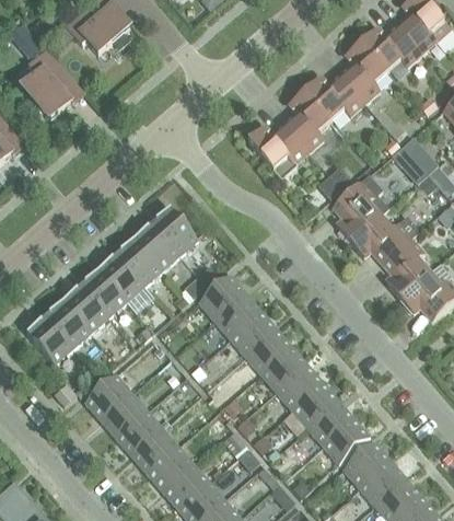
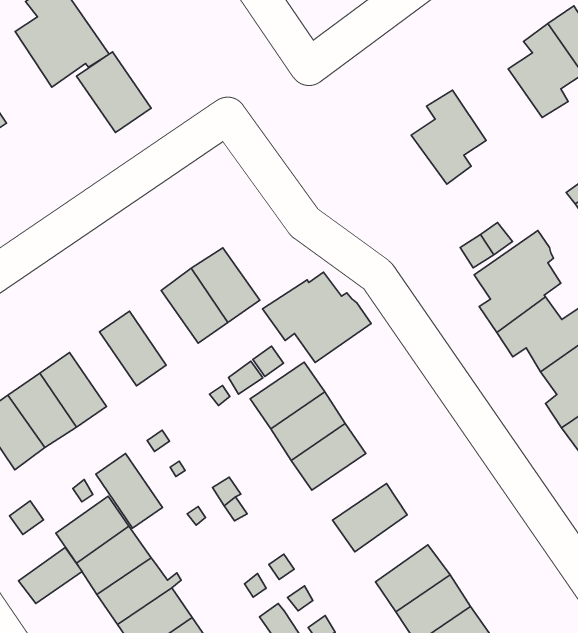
building: [304,73,363,120] -> none
building: none -> [77,52,151,132]
building: [247,123,307,176] -> none
building: none -> [263,272,371,362]
building: [115,240,161,287] -> none
building: [80,270,125,317] -> [96,453,162,528]
building: [244,328,291,373] -> none
building: [276,364,322,409] -> none
building: none -> [19,548,82,603]

